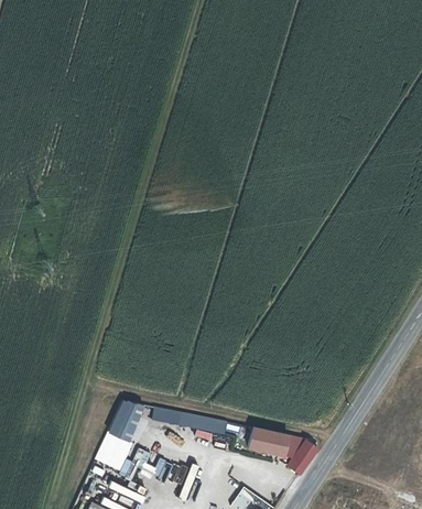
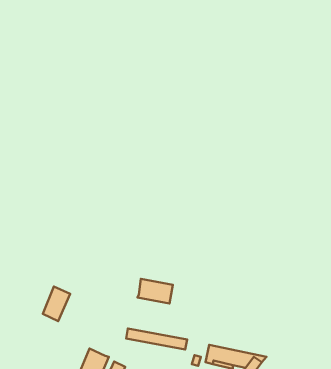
building: none -> [137,279,173,303]
building: [109,399,142,441] -> [43,287,70,321]

